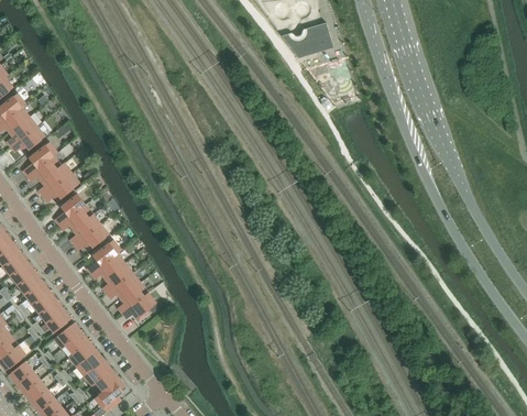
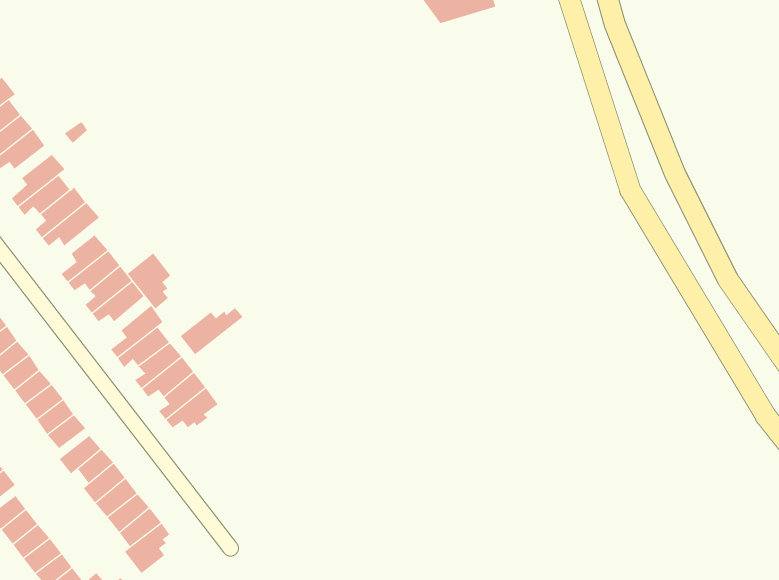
building: none -> [127,253,171,310]
building: none -> [180,307,244,355]

